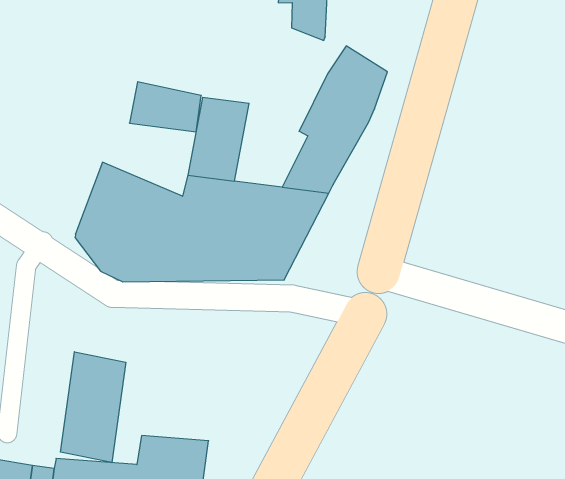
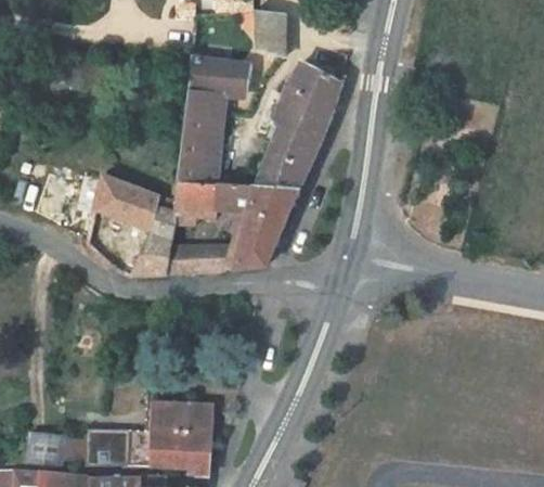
building: [129,82,201,132] -> [187,55,247,94]
building: [61,352,126,463] -> none

